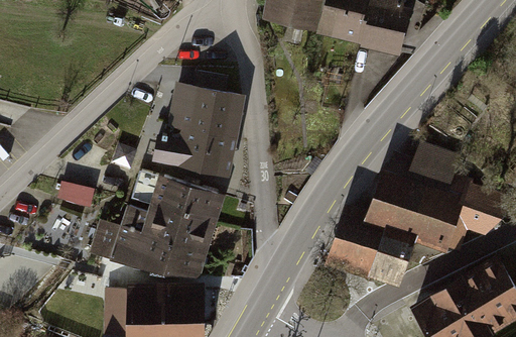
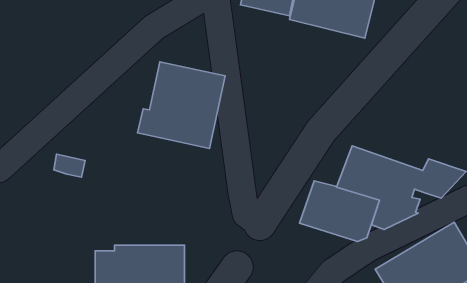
building: [403,142,472,200] -> none
building: [91,168,225,278] -> none

